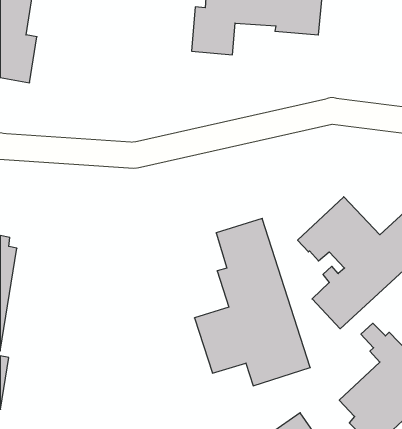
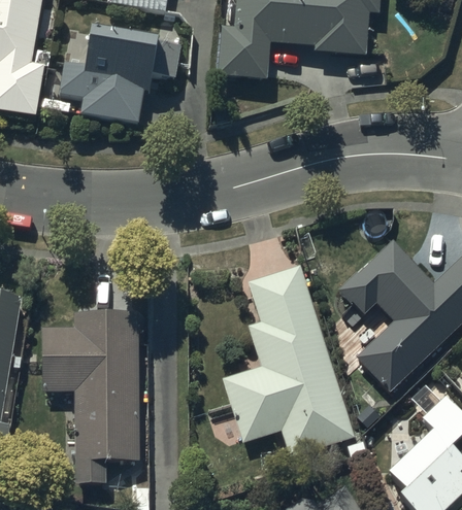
building: none -> [59,26,180,117]
building: none -> [42,312,138,483]

